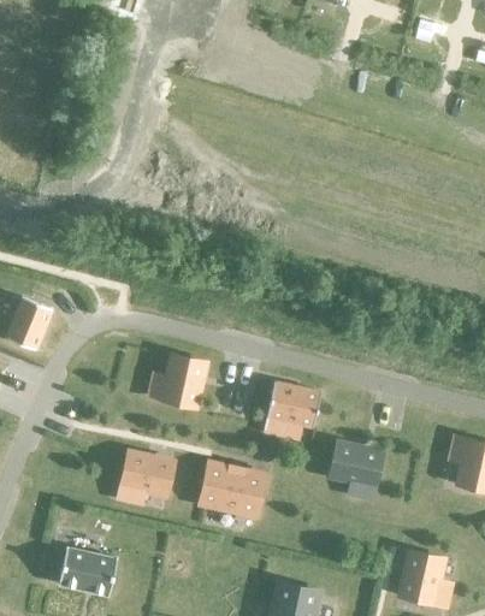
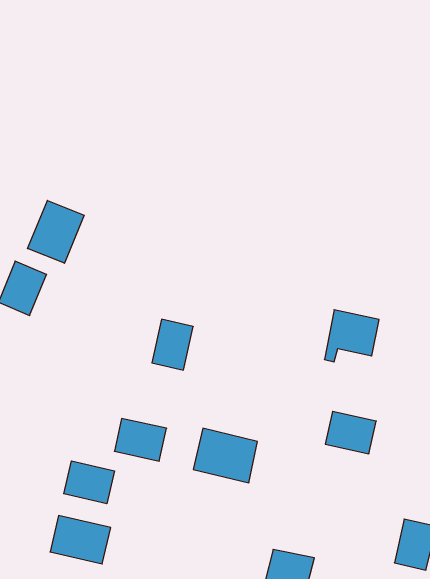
building: none -> [28,200,84,263]
building: [264,383,318,434] -> [324,310,379,362]
building: none -> [64,461,114,504]

